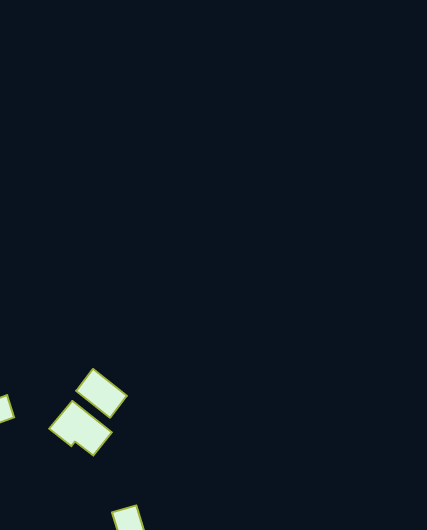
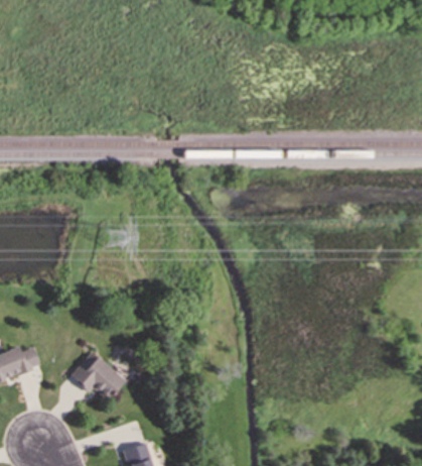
building: [76,369,127,418] -> none

